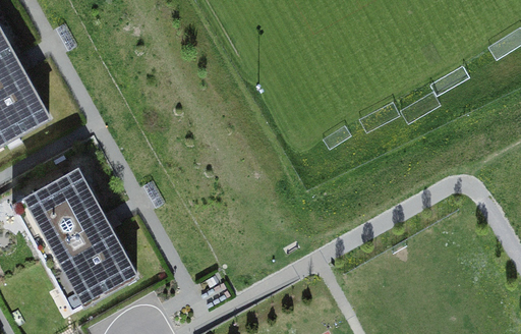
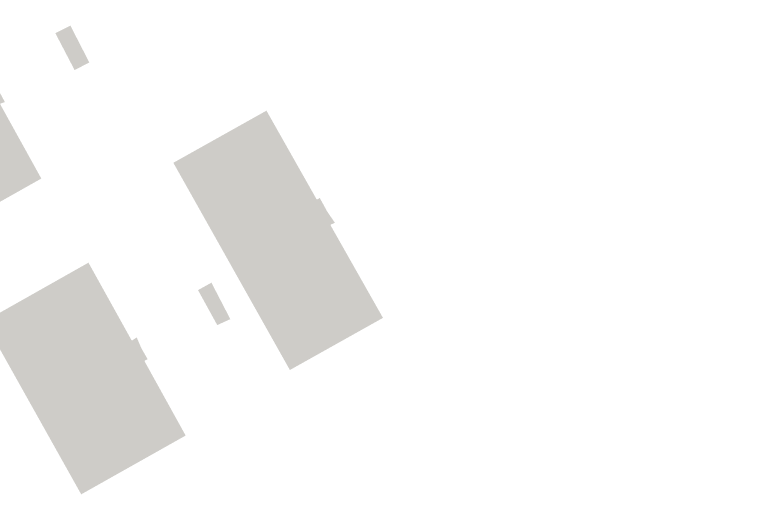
building: none -> [172,110,384,371]

